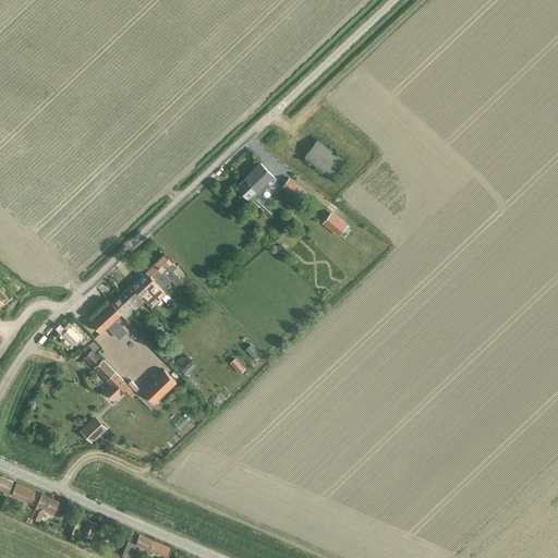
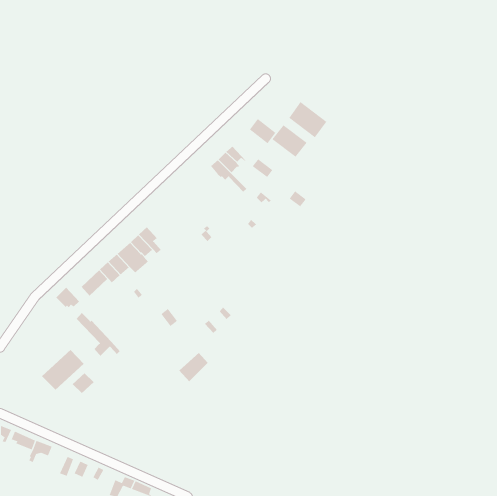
building: none -> [288,101,327,138]
building: none -> [245,118,276,144]
building: [142,371,175,404] -> [178,352,209,382]
building: none -> [41,349,84,390]

